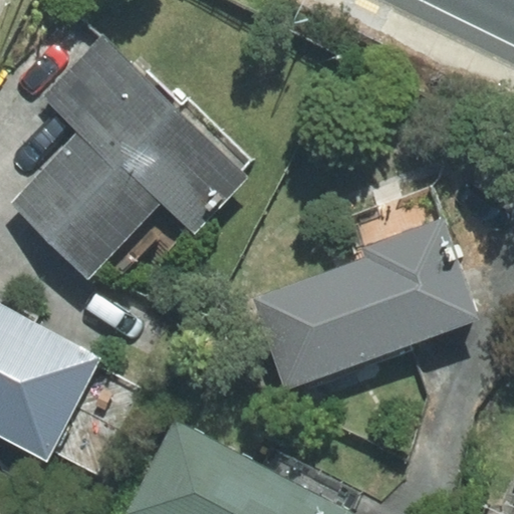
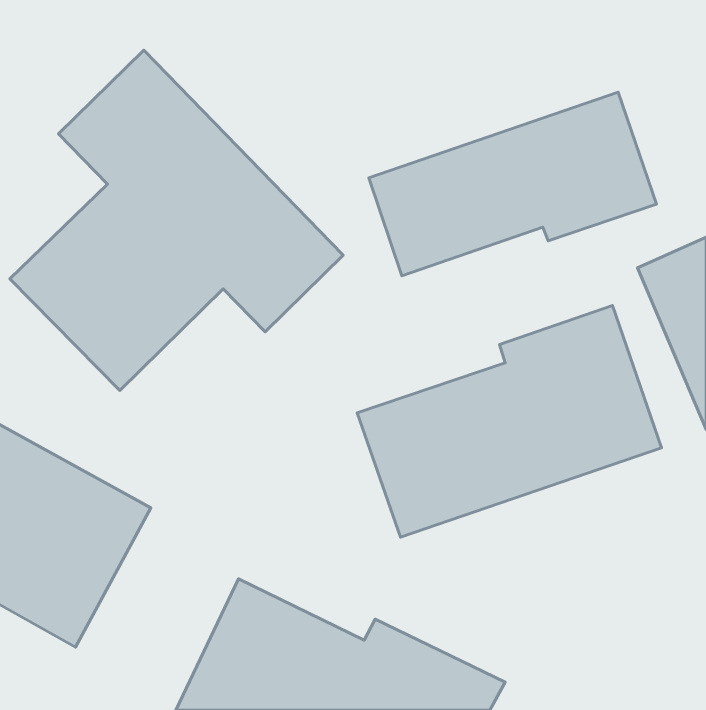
building: none -> [369,92,656,276]

